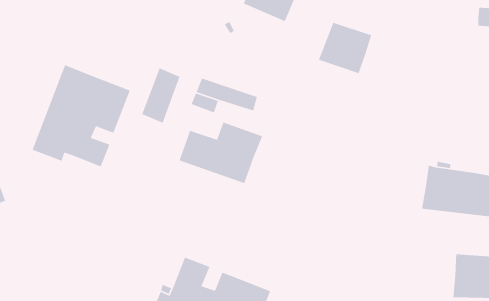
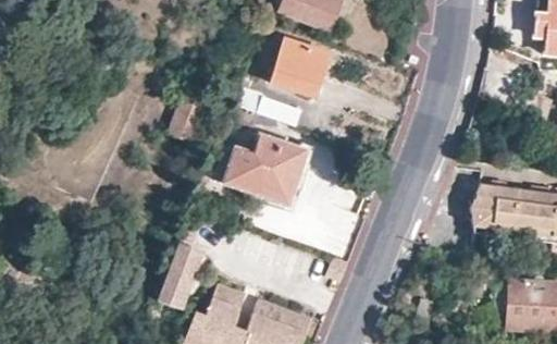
building: [318,22,372,74] -> [268,39,326,96]
building: [31,64,131,167] -> none
building: none -> [159,224,201,316]

